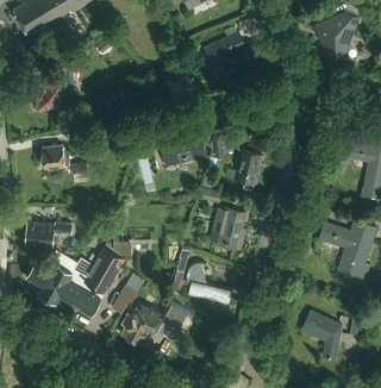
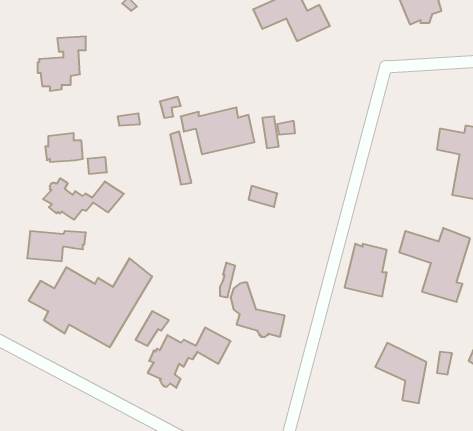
building: [230,150,263,190] -> none
building: none -> [43,178,124,220]
building: [210,207,243,249] -> [345,244,387,297]

